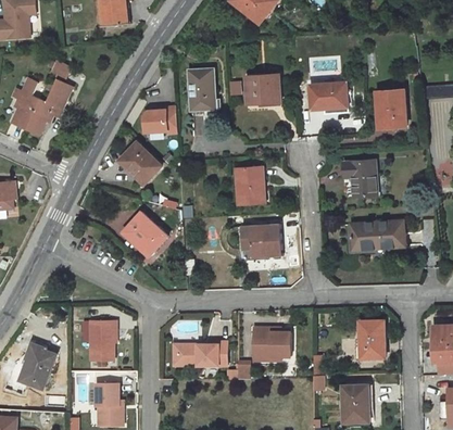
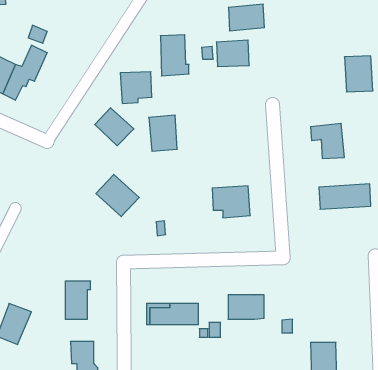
building: [309,83,345,110] -> [228,4,264,31]
building: [234,167,263,204] -> [149,115,177,151]
building: [358,319,385,357] -> none

